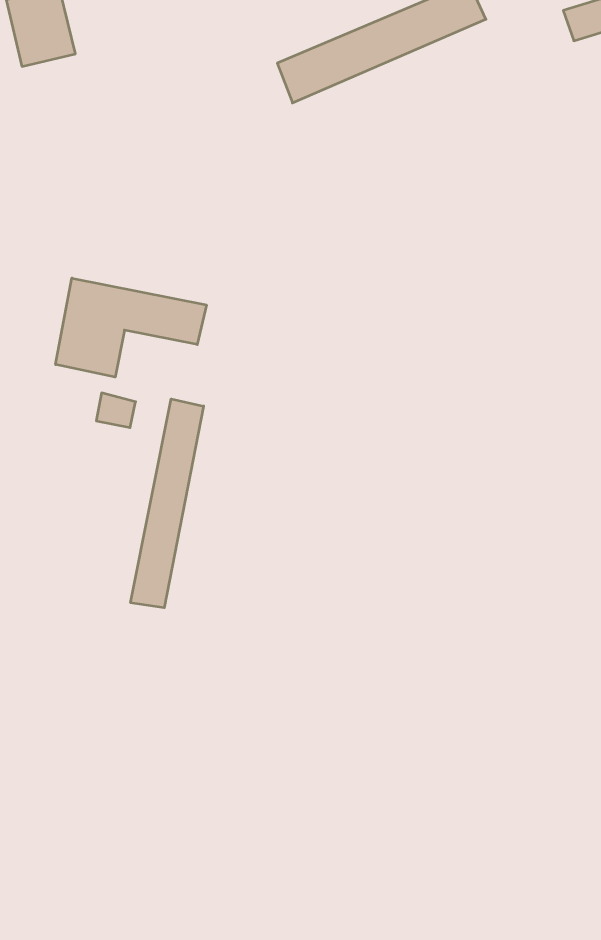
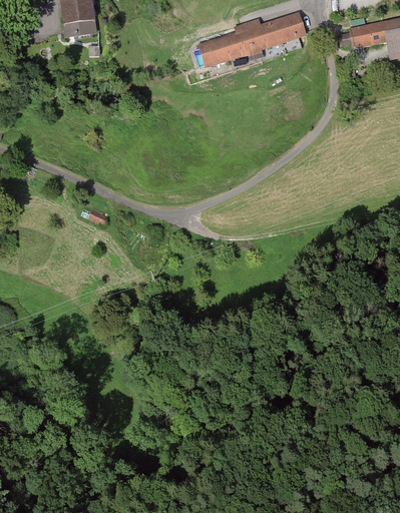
building: [56,278,206,377] -> none
building: [131,399,204,608] -> none

